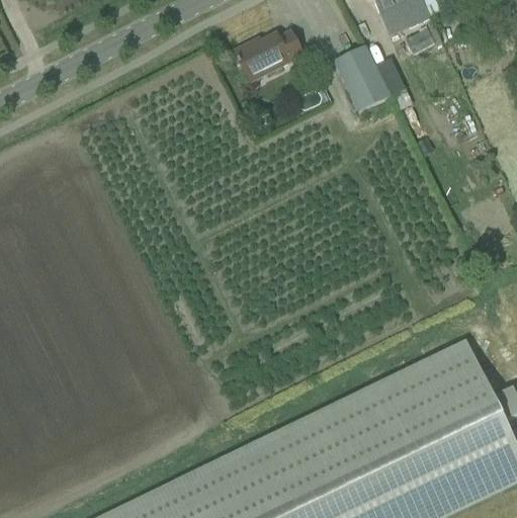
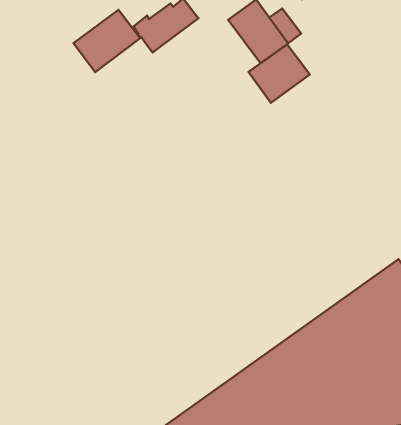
building: none -> [74,10,140,72]
building: none -> [248,44,310,103]

